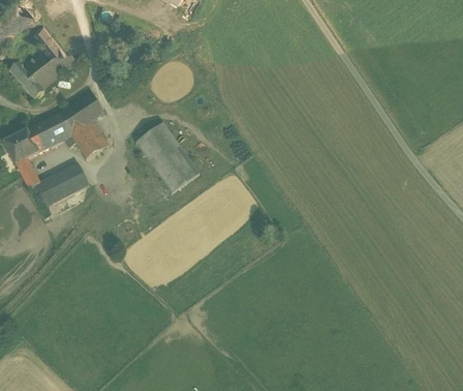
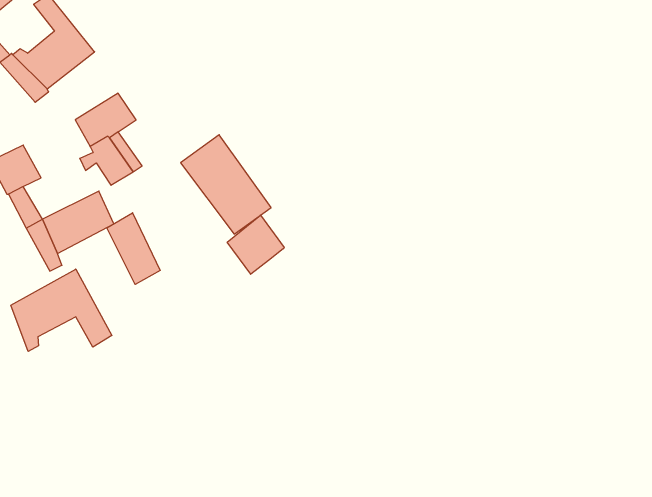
building: [25,114,73,154] -> none
building: none -> [107,213,160,284]
building: none -> [227,215,284,274]
building: none -> [11,269,112,351]

